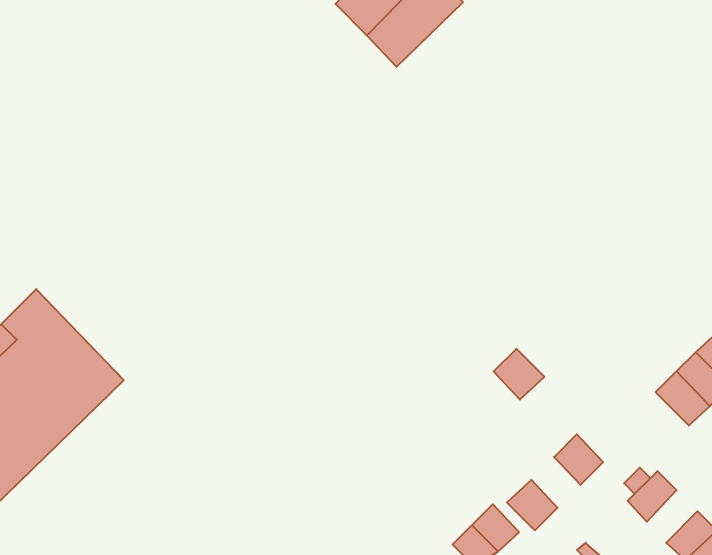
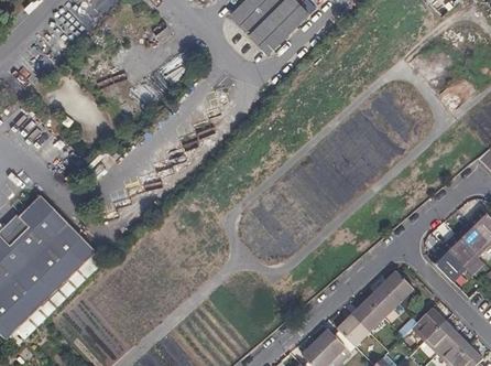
building: [494,349,544,400] -> [381,271,413,303]
building: none -> [352,300,383,332]
building: none -> [425,321,457,354]

